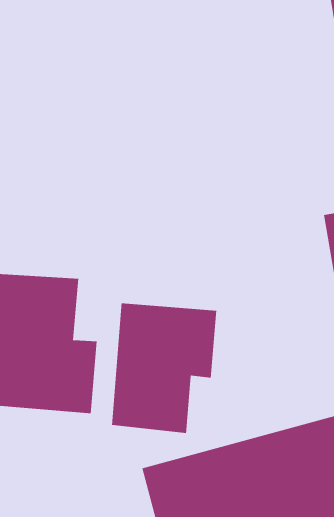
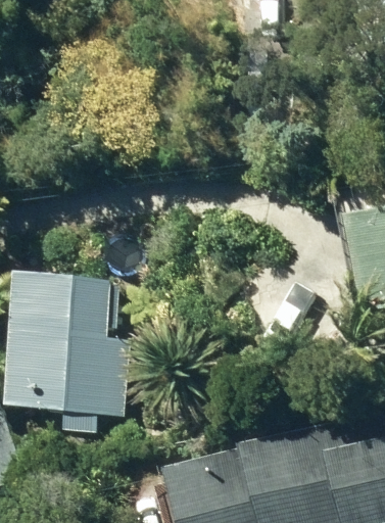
building: [112,302,217,434] -> none

